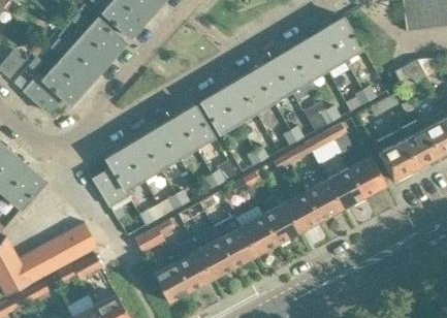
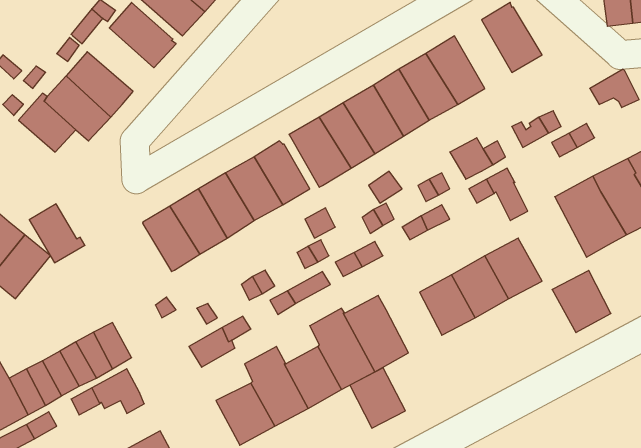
building: [308,27,345,71] -> none
building: [69,32,113,73] -> none
building: [349,156,387,196] -> [552,270,611,333]
building: [93,167,129,205] -> [29,204,85,263]
building: [263,203,299,243] -> [350,368,405,428]

